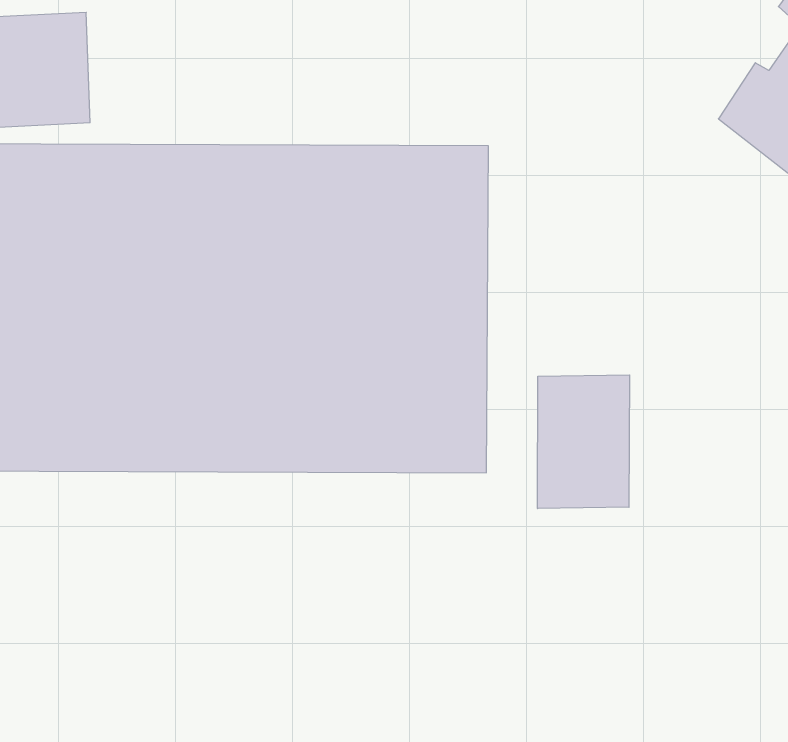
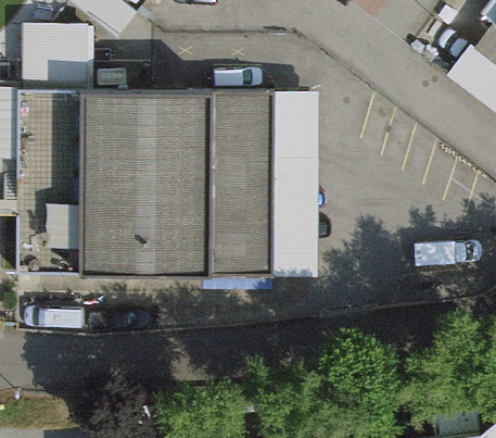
building: [538,375,629,509] -> none

